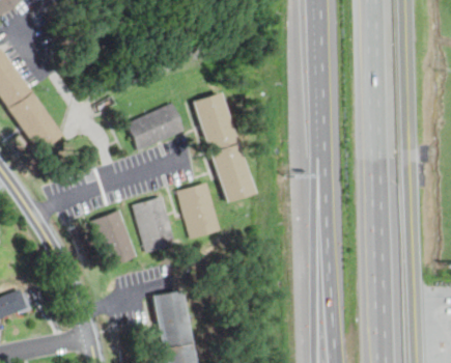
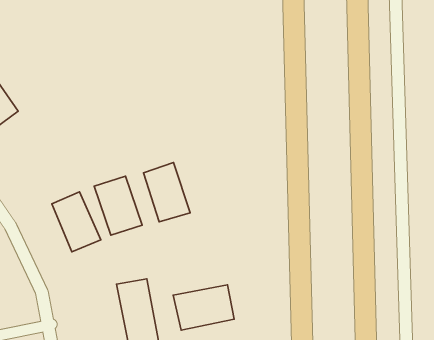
building: [194,92,252,200] -> none
building: [126,104,182,148] -> none
building: none -> [173,285,234,330]

